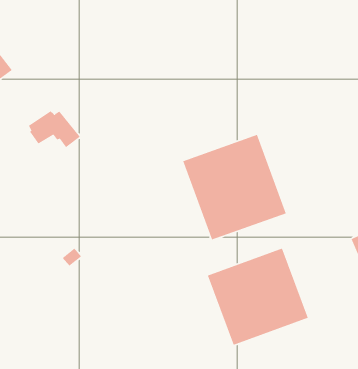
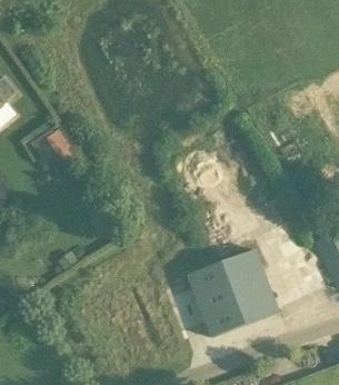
building: [182,134,287,241] -> none

